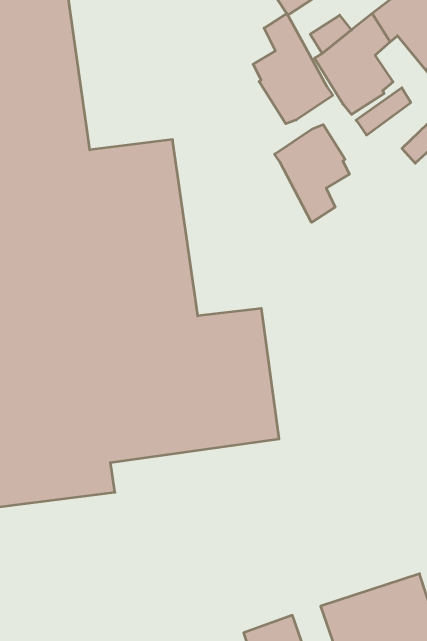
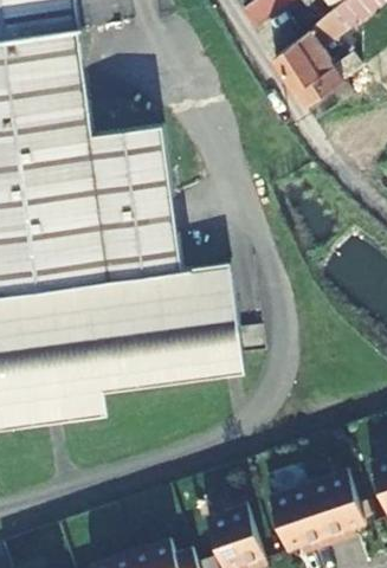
building: [253,13,333,124] -> none
building: [275,125,349,222] -> none

